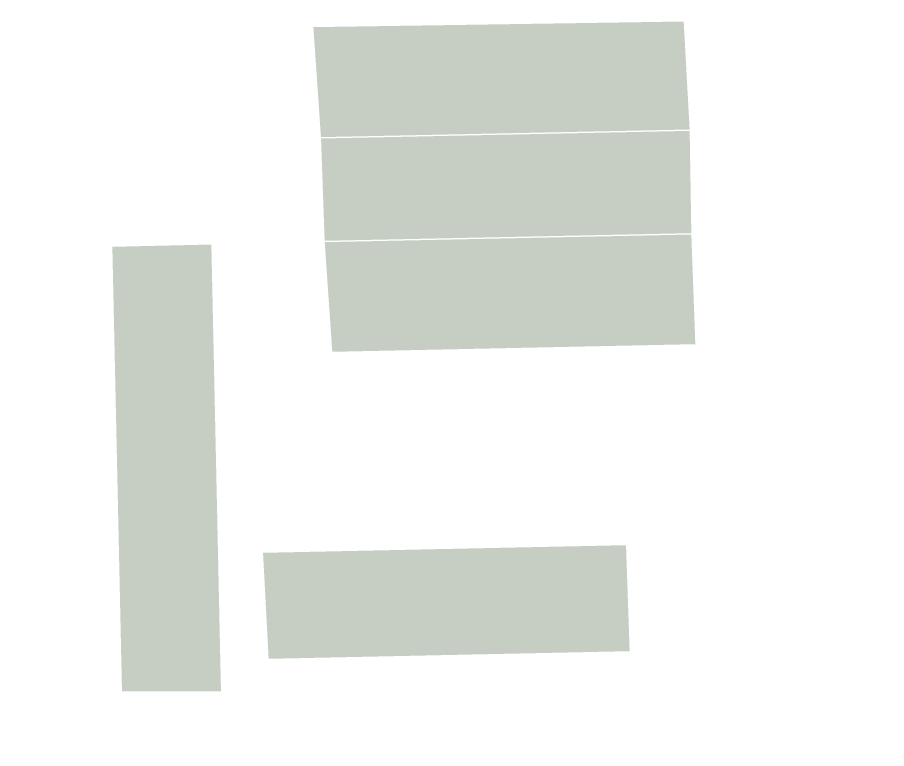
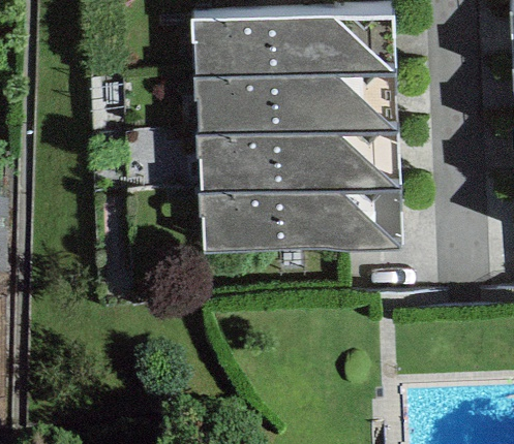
building: [112,244,222,692] -> none
building: [262,545,631,660] -> [198,187,396,249]

